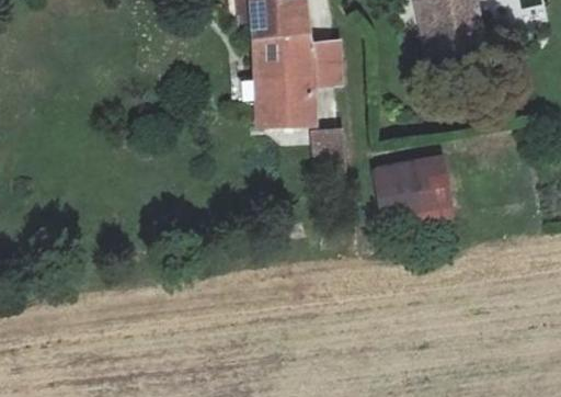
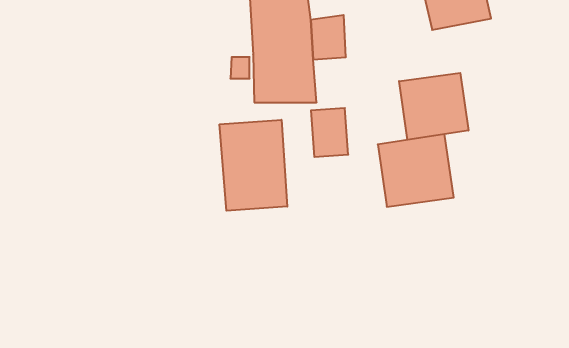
building: none -> [399,73,468,140]
building: none -> [220,120,287,211]

